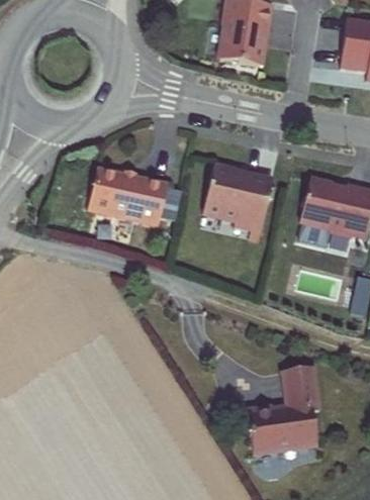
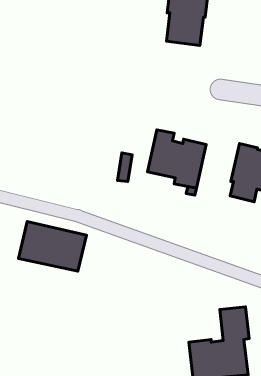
building: [87,166,167,224] -> [19,221,86,271]

